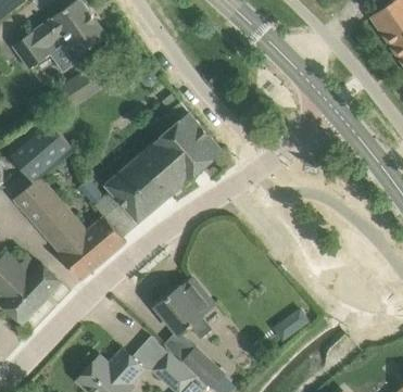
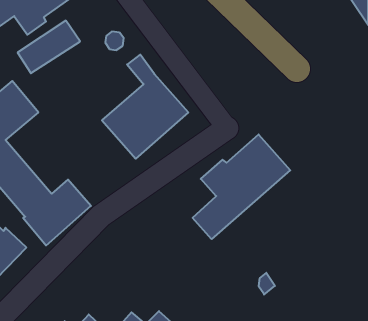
building: [77,157,169,237] -> none
building: none -> [193,134,290,239]
building: [154,278,213,339] -> none

